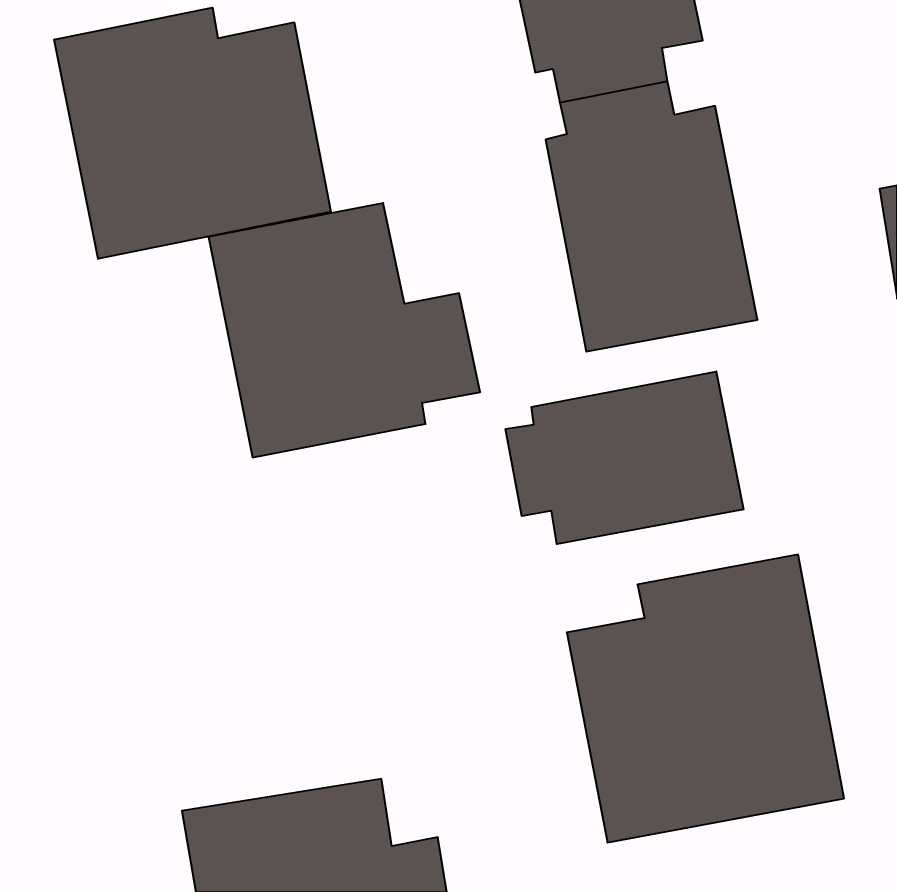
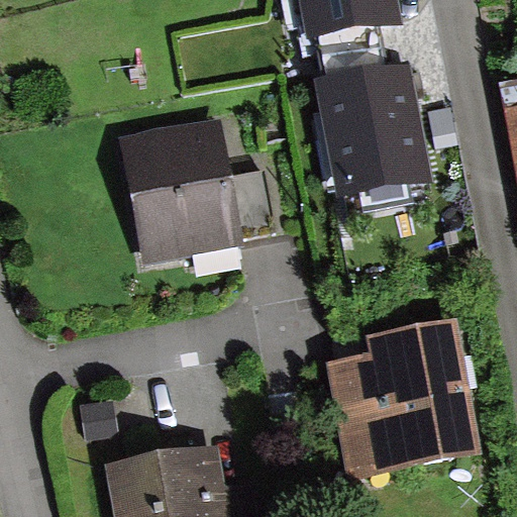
building: [54,8,331,259] -> none
building: [506,371,744,544] -> none

